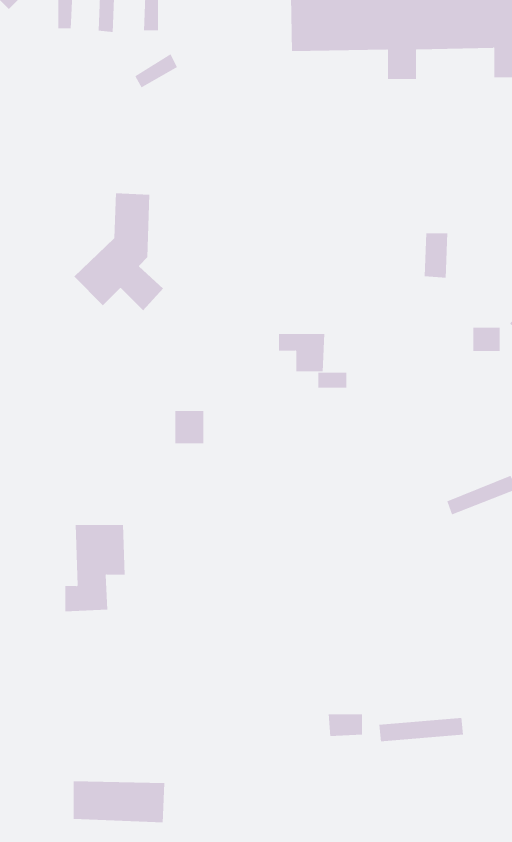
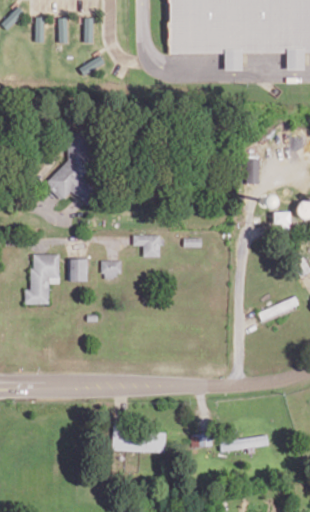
building: [278,334,325,372] -> [134,234,161,256]
building: none -> [70,258,88,280]
building: [65,525,126,612] -> [25,253,60,303]
building: [73,781,165,823] -> [113,427,166,451]

